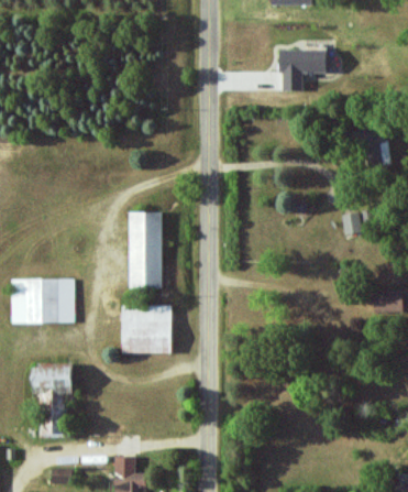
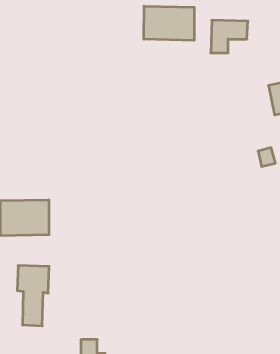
building: none -> [144,6,194,40]
building: [129,212,162,288] -> none
building: [120,305,172,354] -> none

